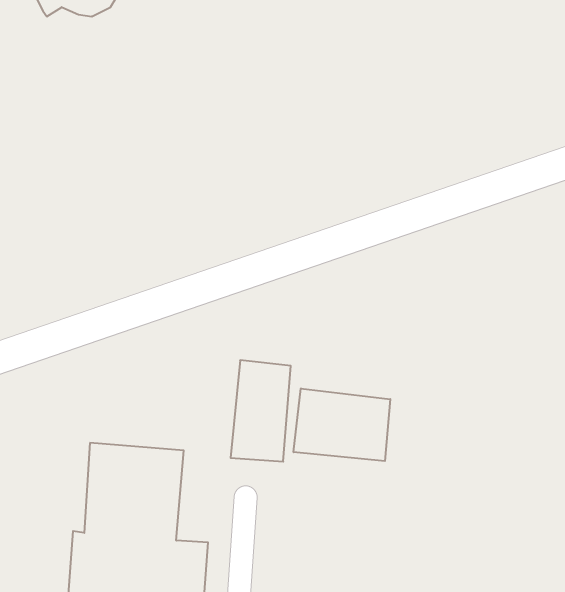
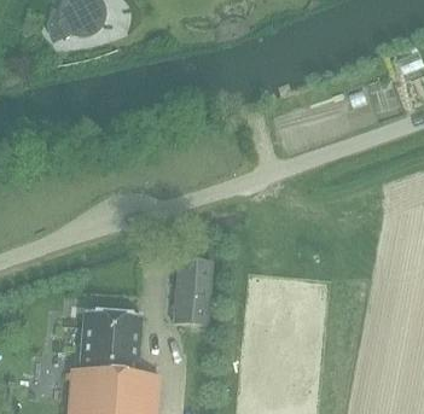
building: [294,388,390,461] -> none

